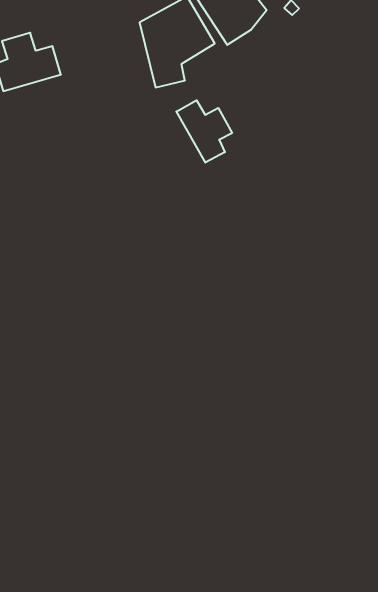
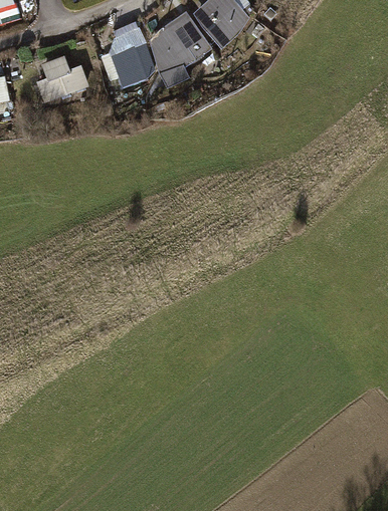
building: none -> [103,41,155,93]
building: [176,100,232,163] -> none

